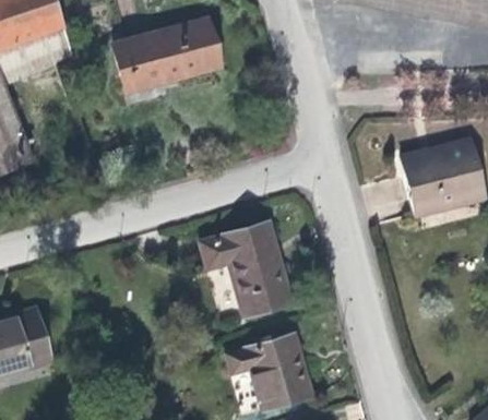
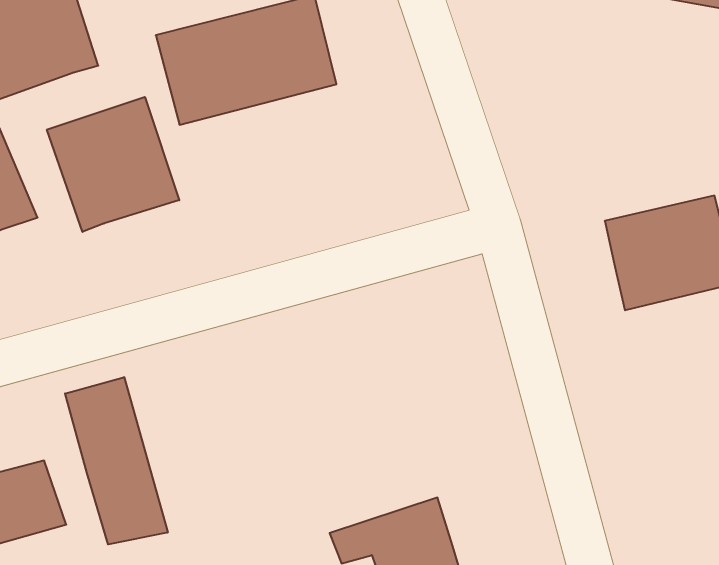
building: none -> [47,97,179,232]
building: [199,228,286,315] -> none
building: none -> [65,377,168,544]

